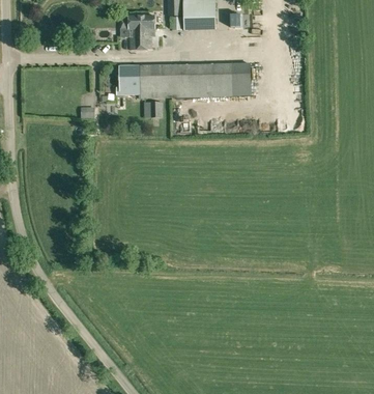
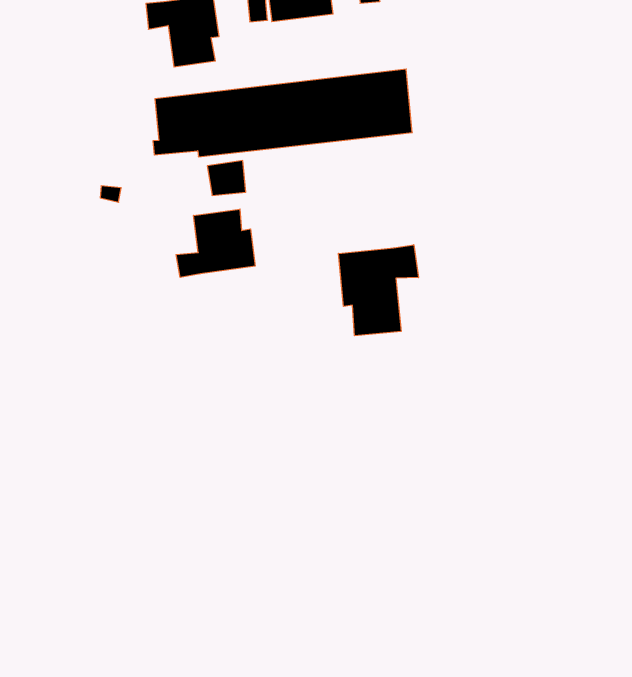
building: none -> [176,209,255,277]
building: none -> [338,245,418,336]

